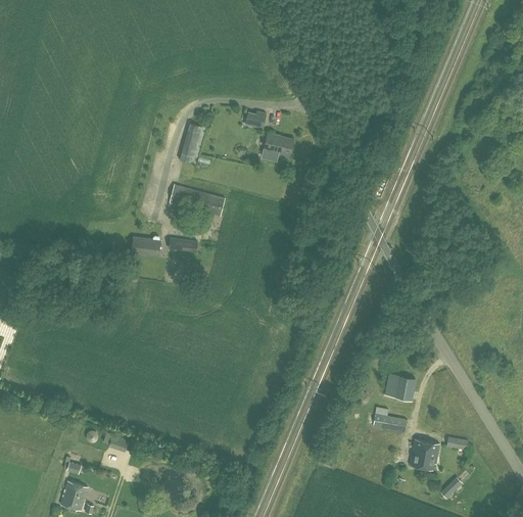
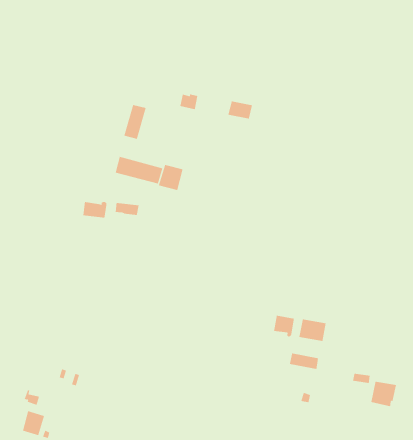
building: [264,133,293,154] -> [228,101,253,119]
building: none -> [158,164,183,191]
building: none -> [274,315,295,337]
building: [409,439,439,469] -> [371,381,397,407]

